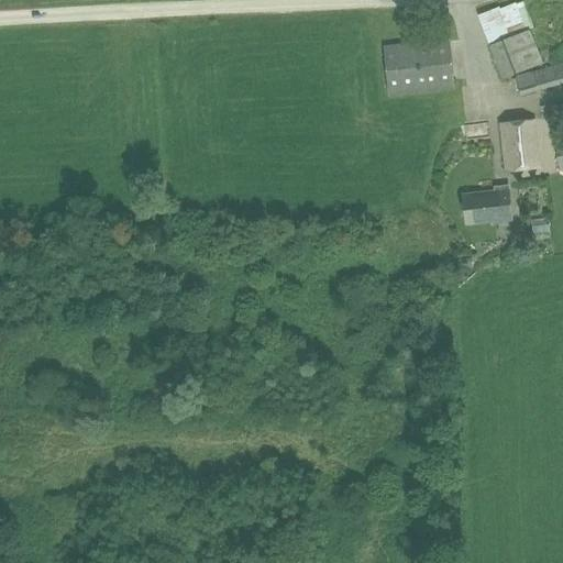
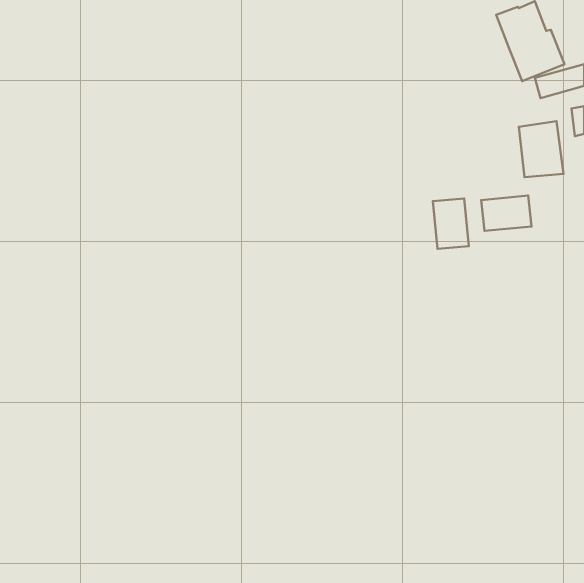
building: [384,36,455,95] -> none
building: none -> [433,199,469,249]

